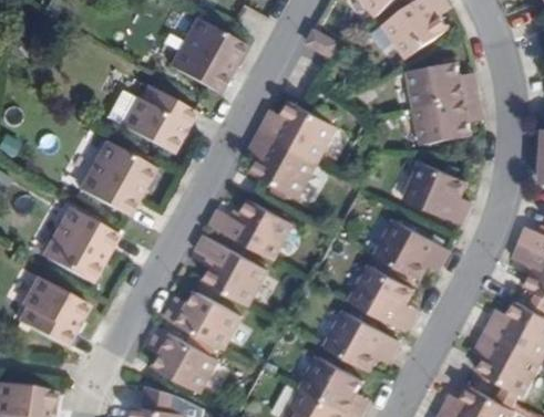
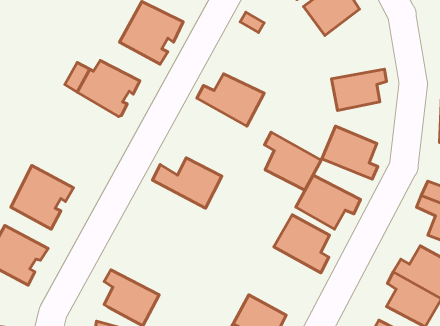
building: [407,64,475,110] -> none
building: [252,132,317,198] -> [264,132,321,190]
building: [80,143,154,217] -> none
building: [194,236,264,306] -> none
building: [164,291,239,350] -> none
building: [325,312,396,372] -> none

